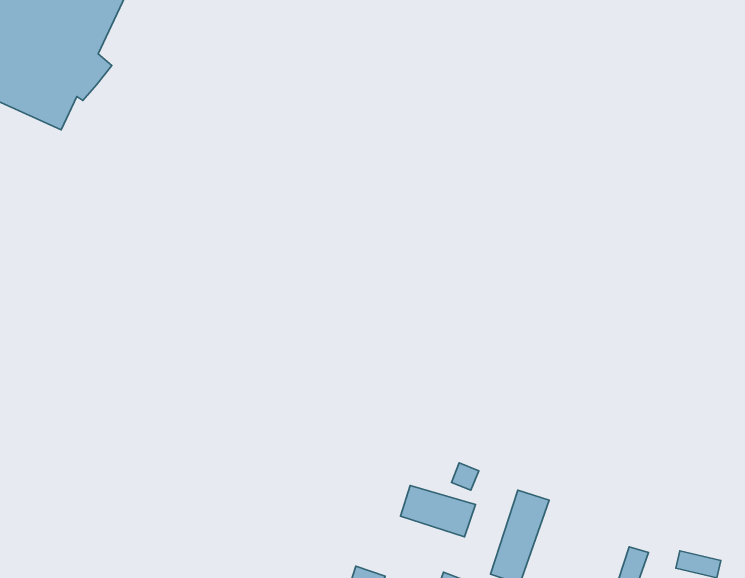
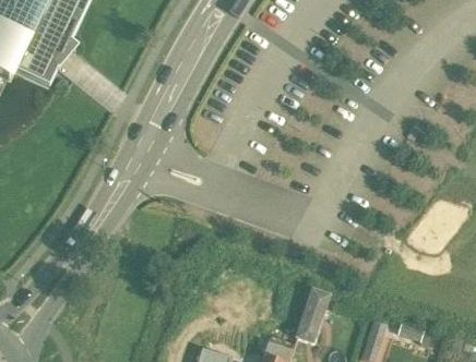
building: [400,485,475,537] -> none

